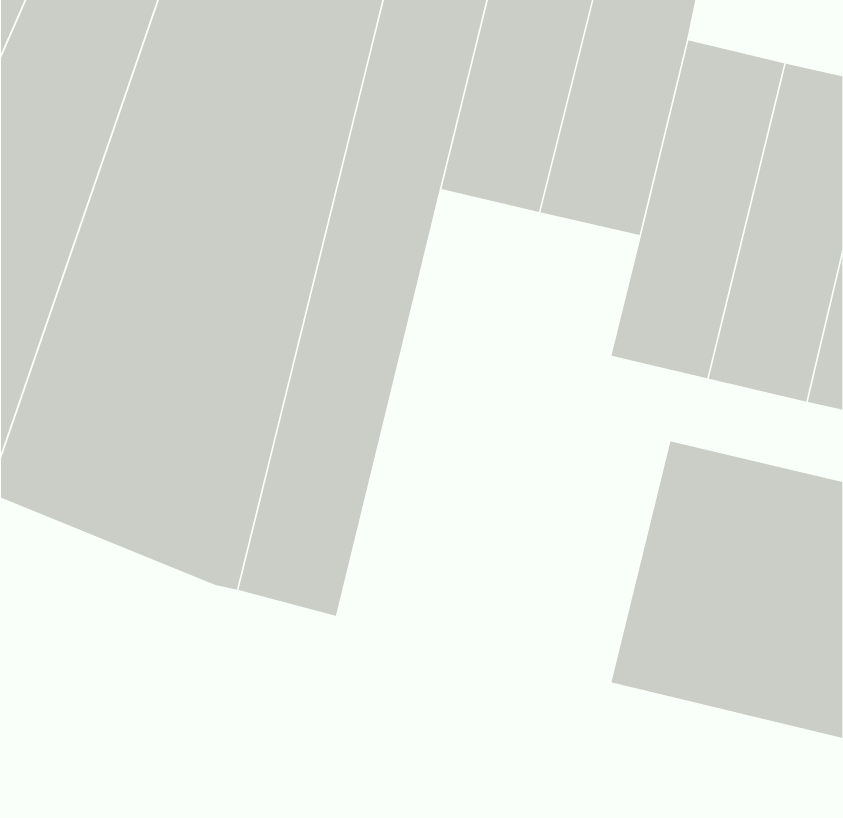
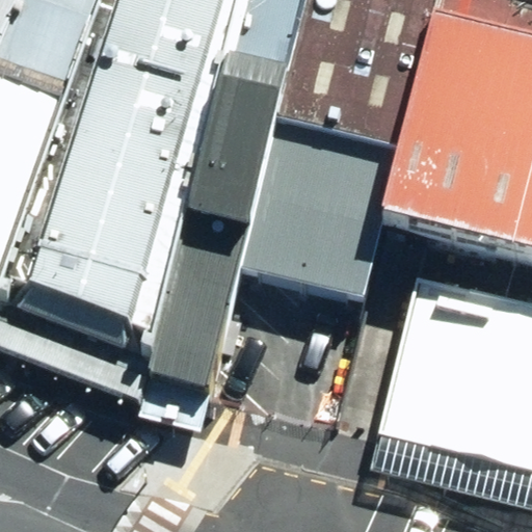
building: none -> [245,119,399,280]

